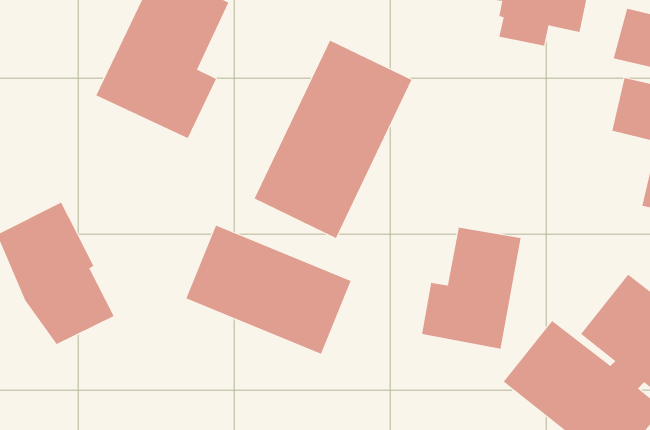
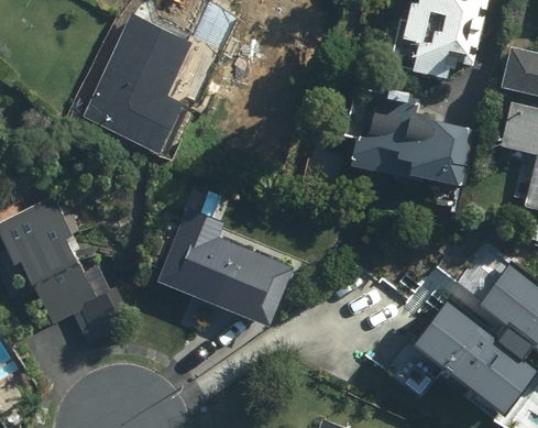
building: [254,40,412,239] -> none
building: none -> [348,90,473,185]
building: [421,227,521,349] -> none

